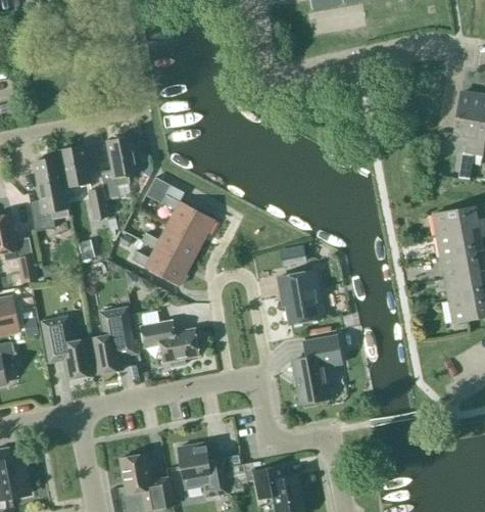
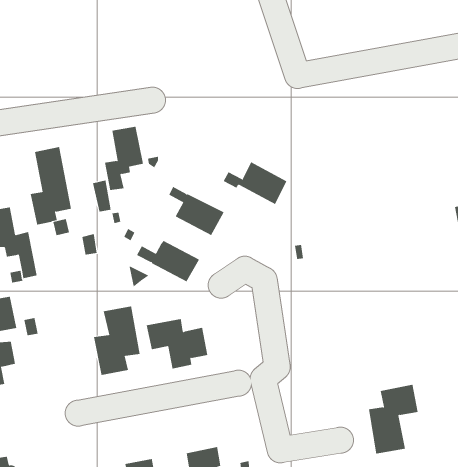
building: [60,145,91,186] -> none
building: [141,223,202,264] -> [223,162,287,205]
building: [277,270,321,324] -> none
building: [42,317,94,379] -> none
building: [293,336,341,403] -> [368,384,419,454]

